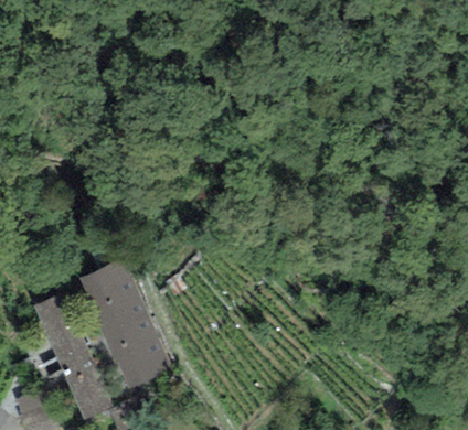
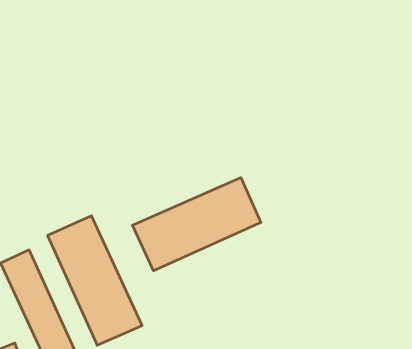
building: none -> [133,178,261,271]

